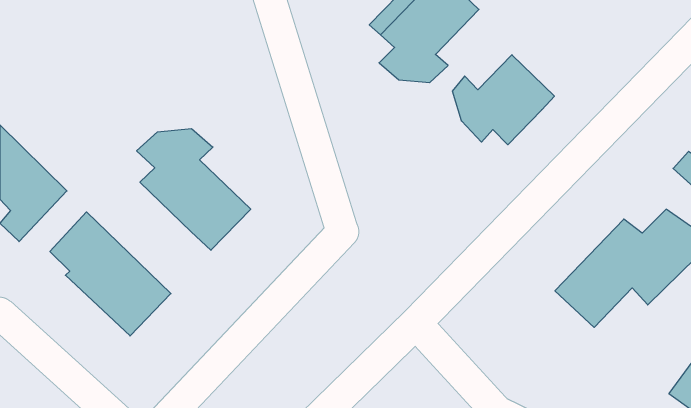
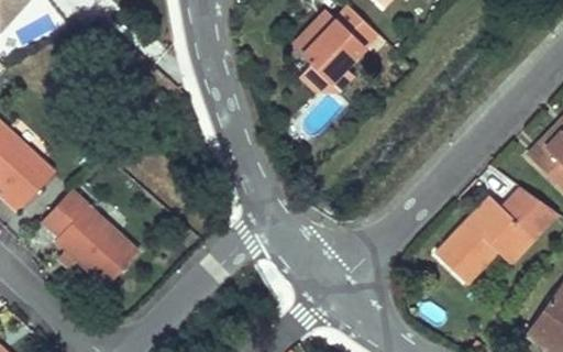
building: [452,55,554,145] -> none
building: [137,129,251,250] -> none

